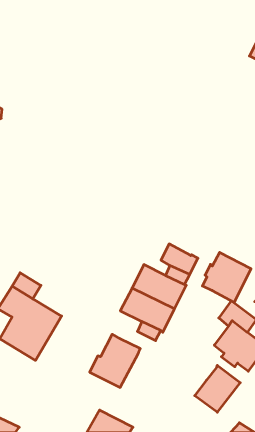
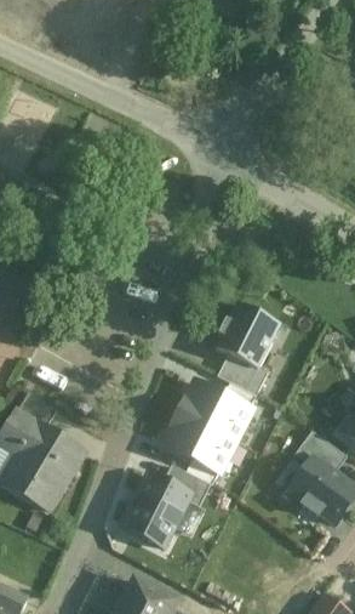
building: [202,252,251,302] -> [214,302,280,369]
building: none -> [162,464,210,506]
building: [195,365,240,412] -> none

